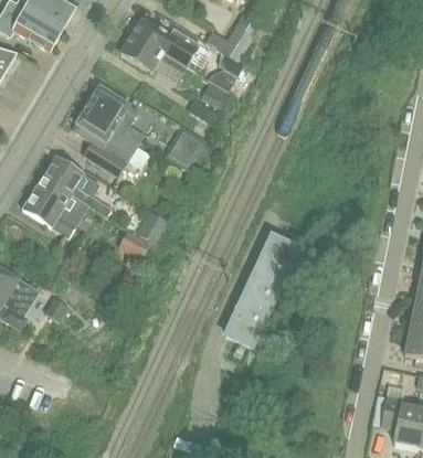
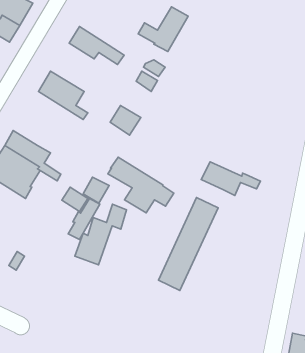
building: [133,17,200,65] -> none
building: [72,109,150,175] -> [108,157,174,213]
building: none -> [201,162,260,196]
building: none -> [75,204,126,265]

